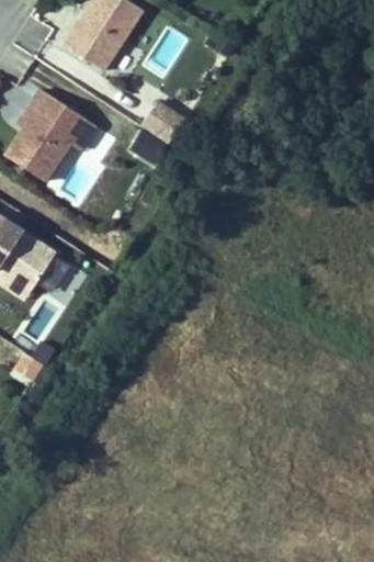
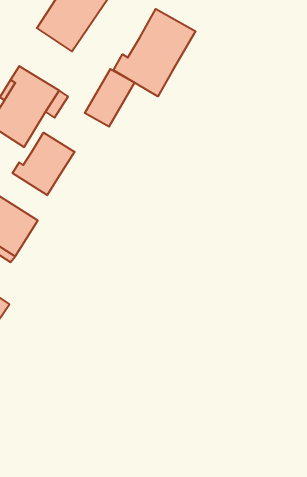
building: none -> [114,9,196,96]
building: none -> [13,133,75,195]

